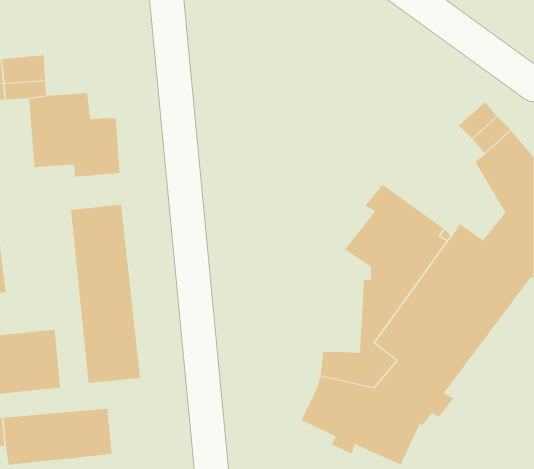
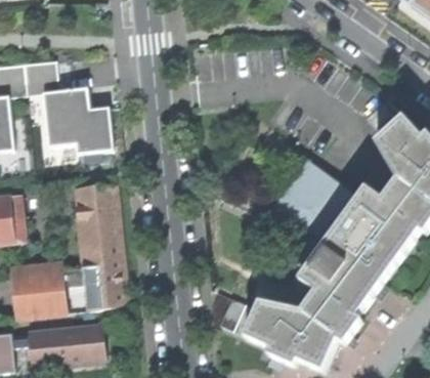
building: none -> [222,297,262,336]

